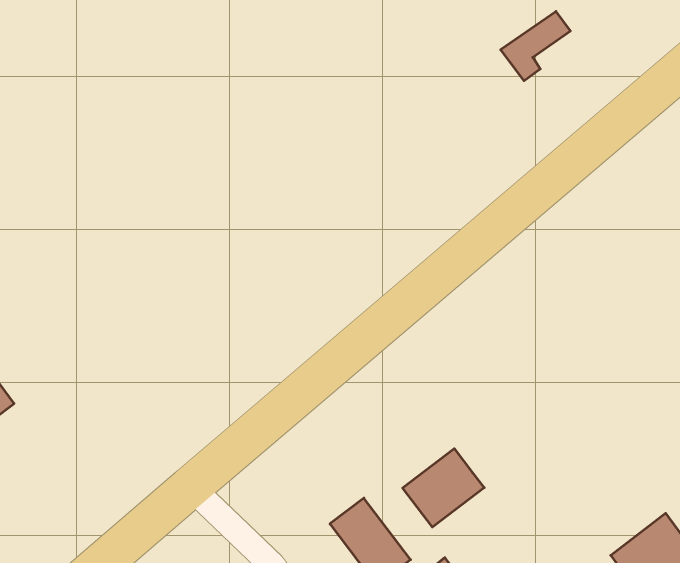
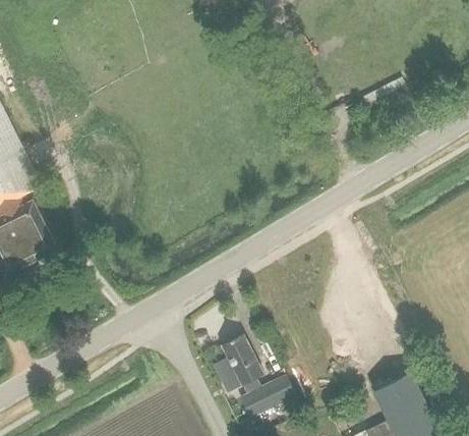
building: [403,449,484,527] -> none

